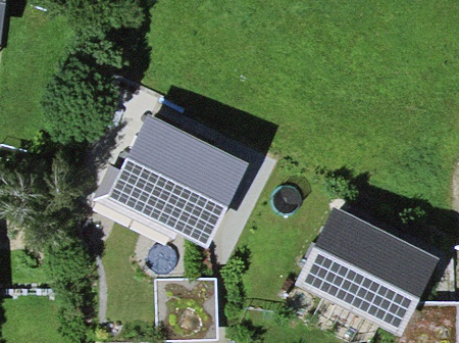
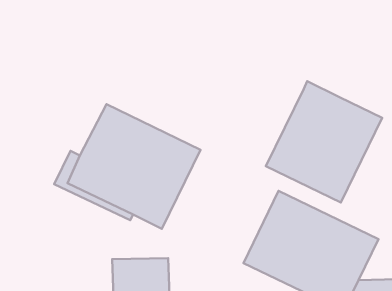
building: none -> [266,81,382,203]

